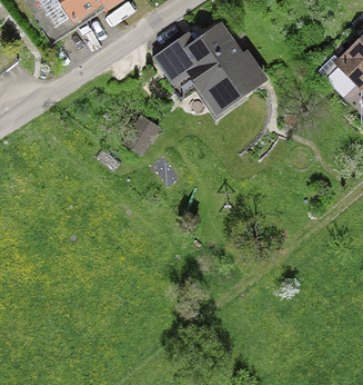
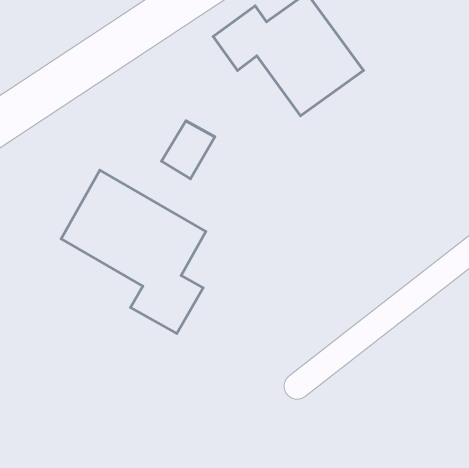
building: none -> [61,170,206,334]

